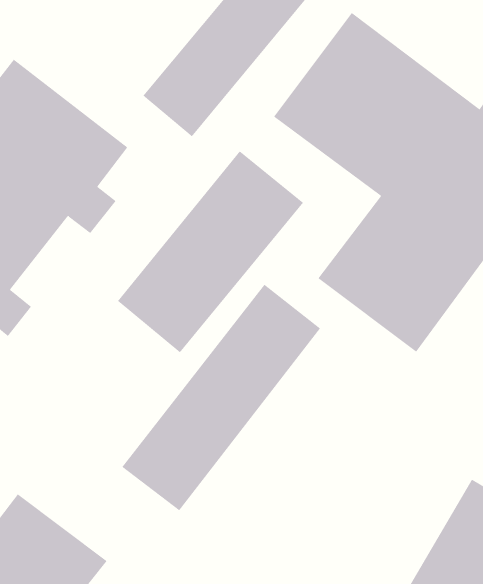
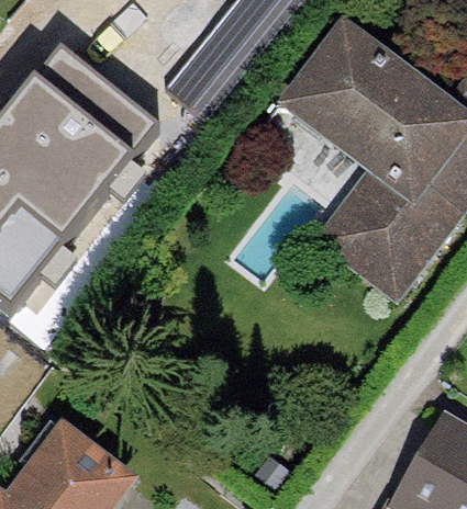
building: [117,150,304,353] -> none
building: [121,284,321,511] -> none

